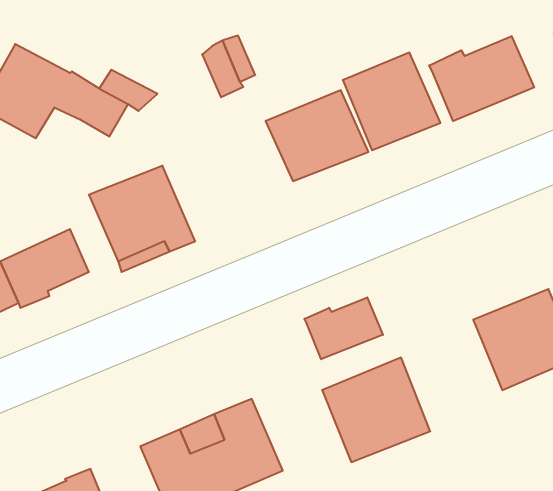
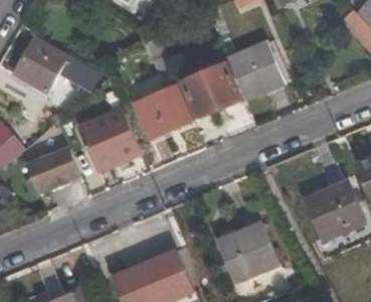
building: [429,36,534,121] -> none
building: none -> [132,85,193,140]
building: [304,297,383,359] -> none

